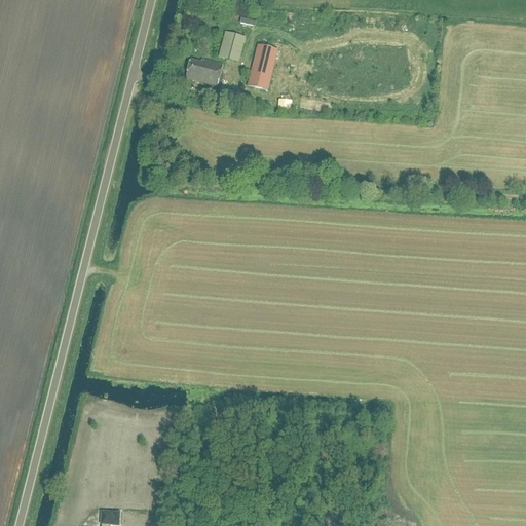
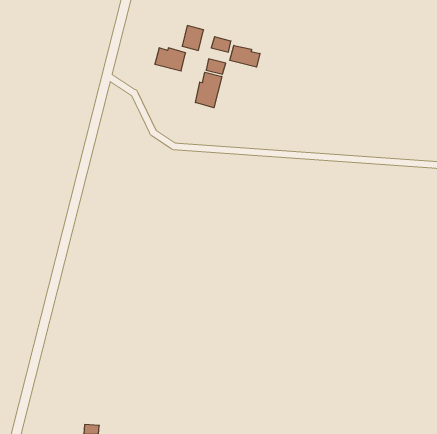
building: none -> [230,45,260,67]
building: none -> [195,72,222,108]

